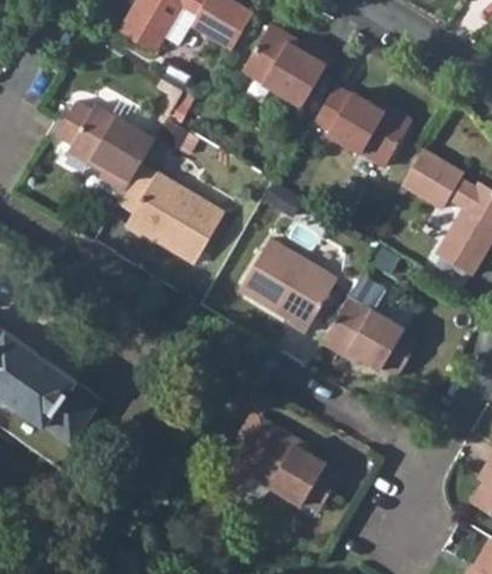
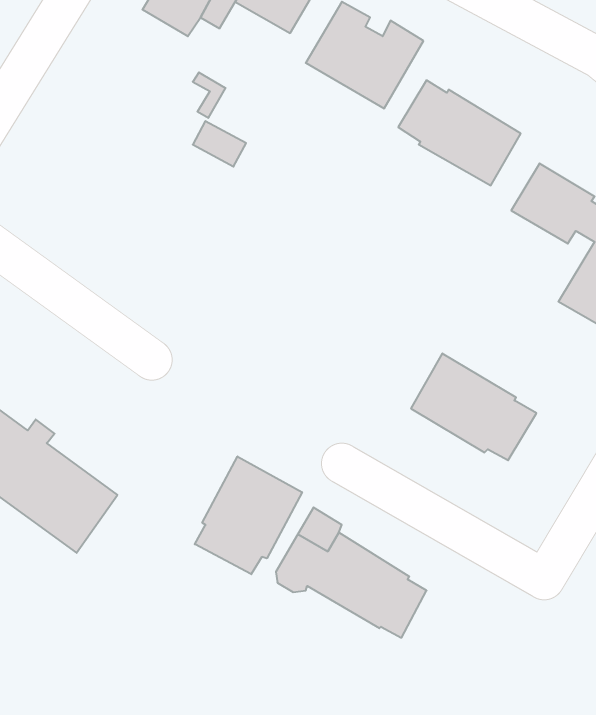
building: [57,100,155,189] -> none
building: [129,175,226,262] -> none
building: [239,239,334,332] -> none
building: none -> [195,456,302,574]

